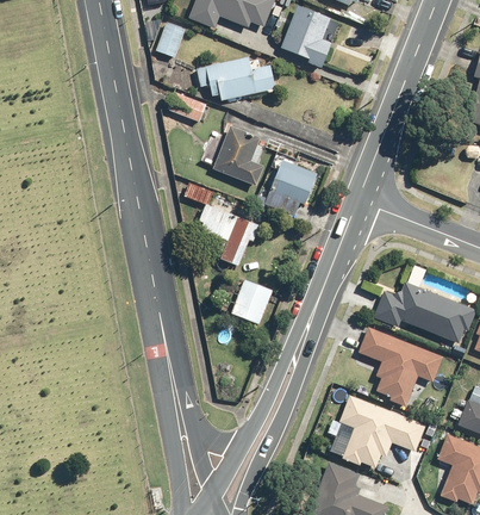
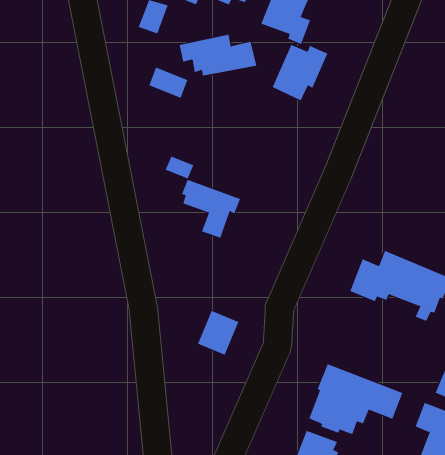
building: [212,124,264,186] -> none
building: [262,159,319,217] -> [272,44,328,101]
building: [230,278,273,324] -> [197,310,239,356]
building: [357,325,442,405] -> none

